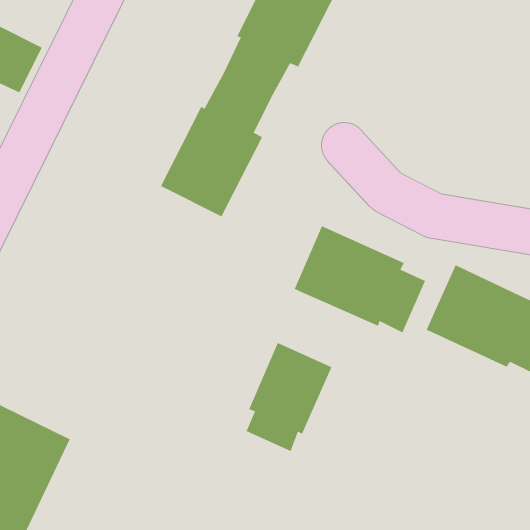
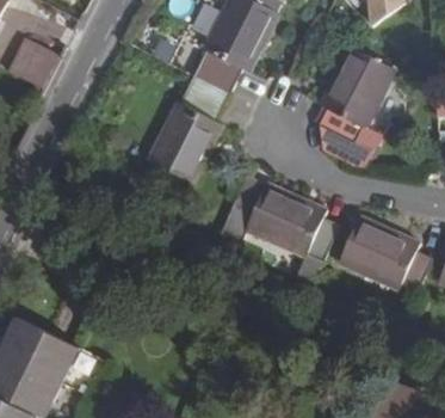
building: none -> [316,54,391,149]
building: [246,342,332,452] -> none

